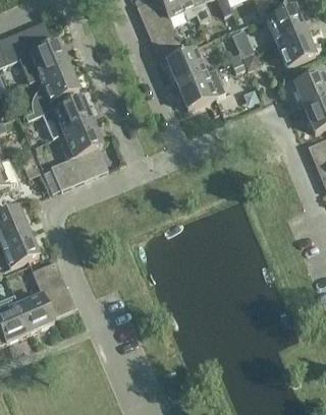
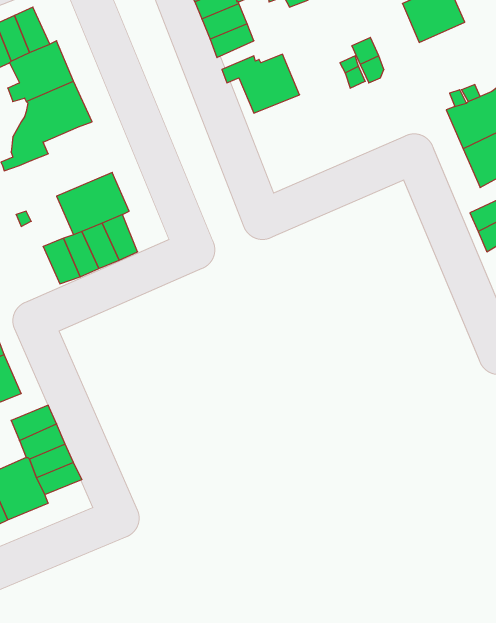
building: [278,29,316,65] -> none
building: [178,68,226,107] -> none
building: [44,93,93,136] -> none

